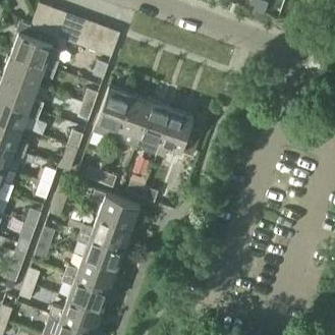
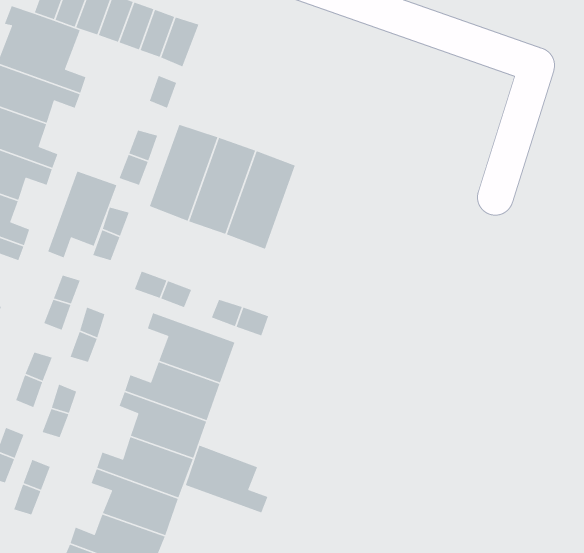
building: [156,109,201,158] -> none
building: none -> [47,171,117,258]
building: none -> [185,445,269,513]

